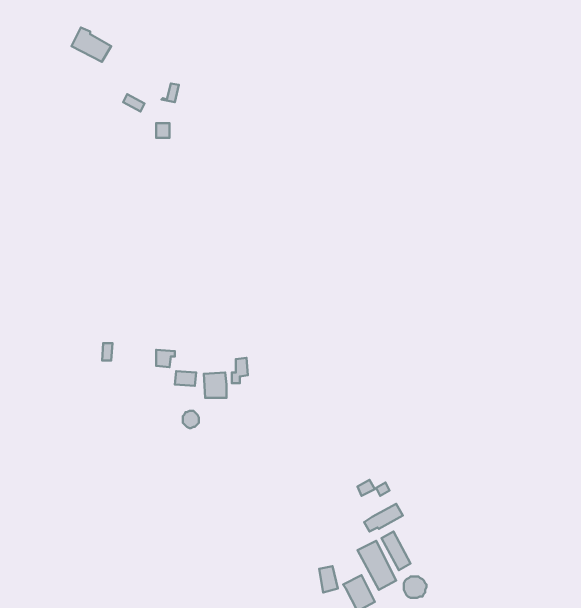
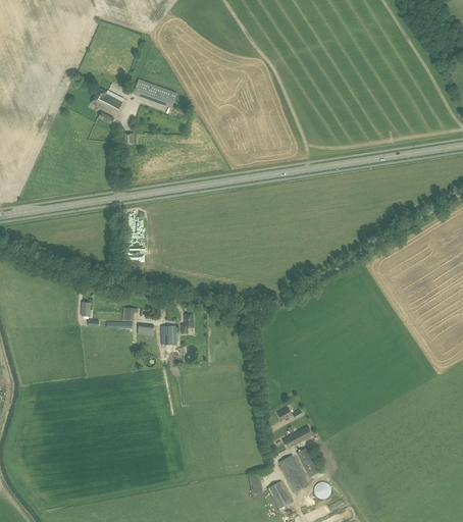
building: [71,27,111,62] -> [92,89,122,115]
building: none -> [134,80,177,107]

